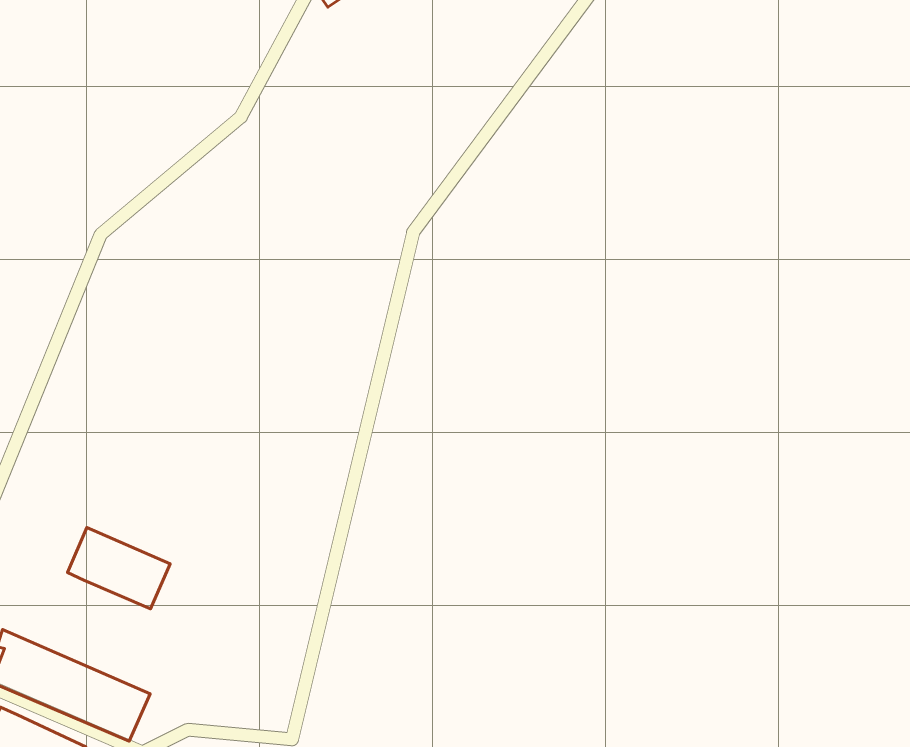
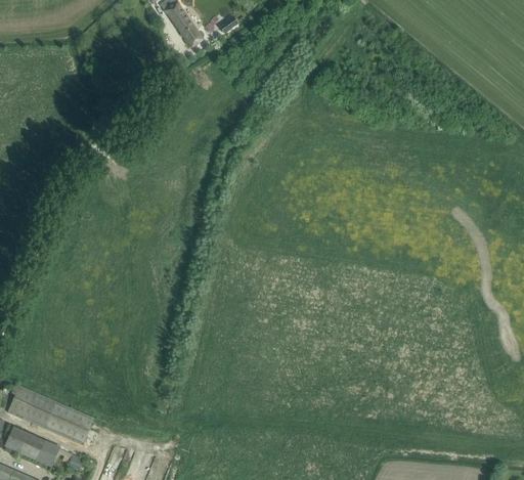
building: [67,527,170,609] -> none

